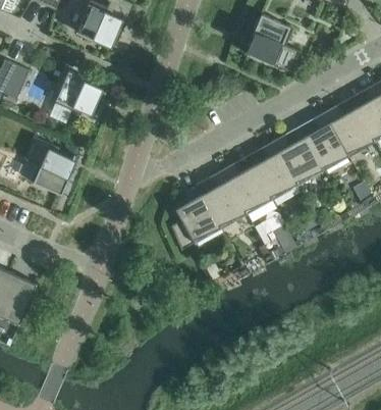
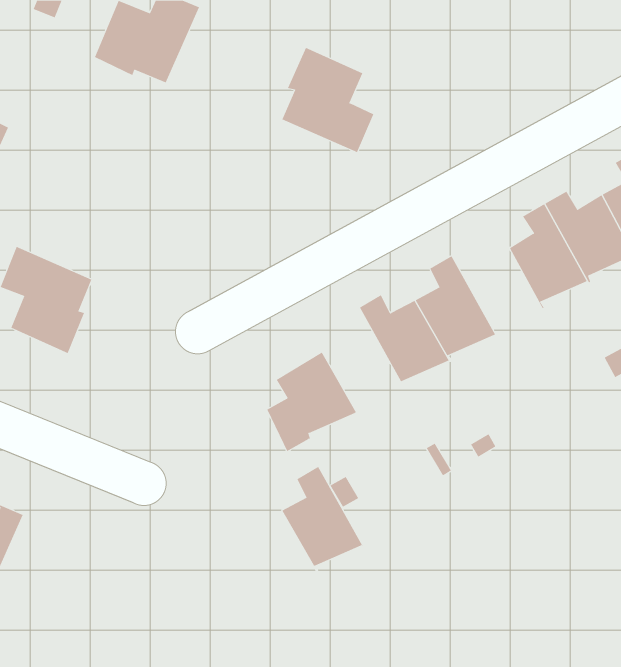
building: [249,15,300,73] -> [281,47,374,153]
building: [55,71,106,117] -> none
building: [273,135,323,186] -> none
building: [202,170,247,228] -> [282,466,363,572]

